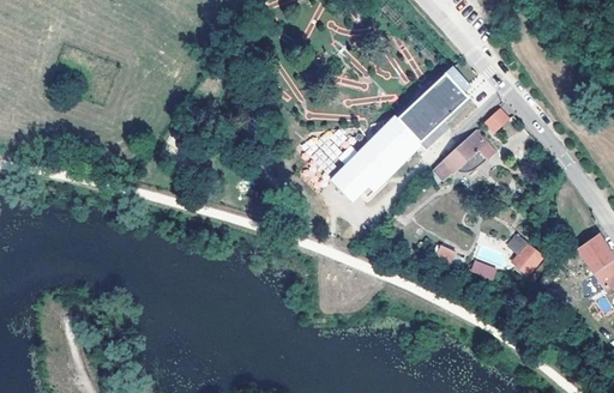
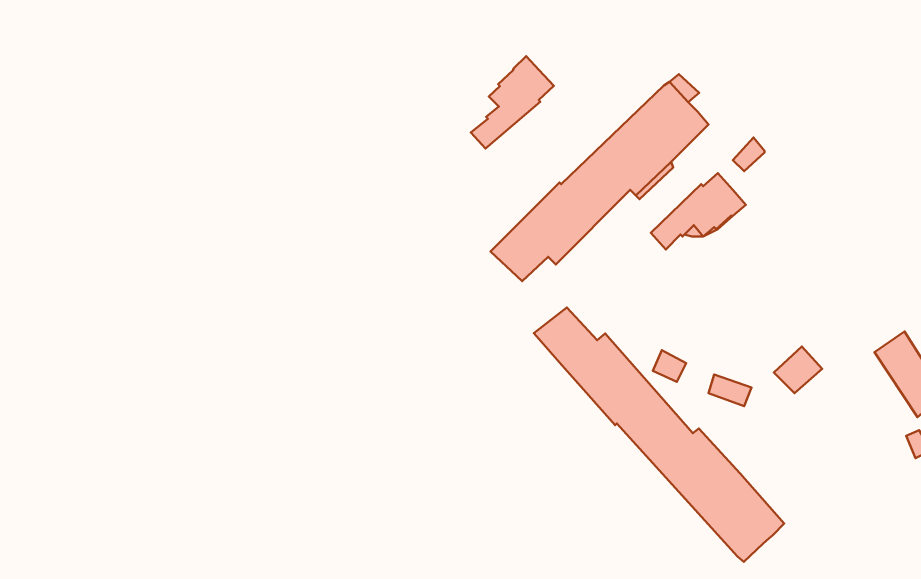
building: none -> [471,56,554,149]
building: none -> [534,307,784,562]

